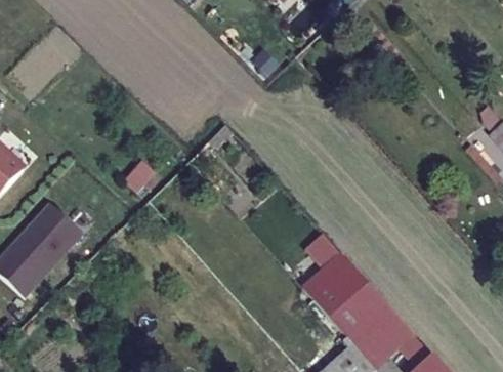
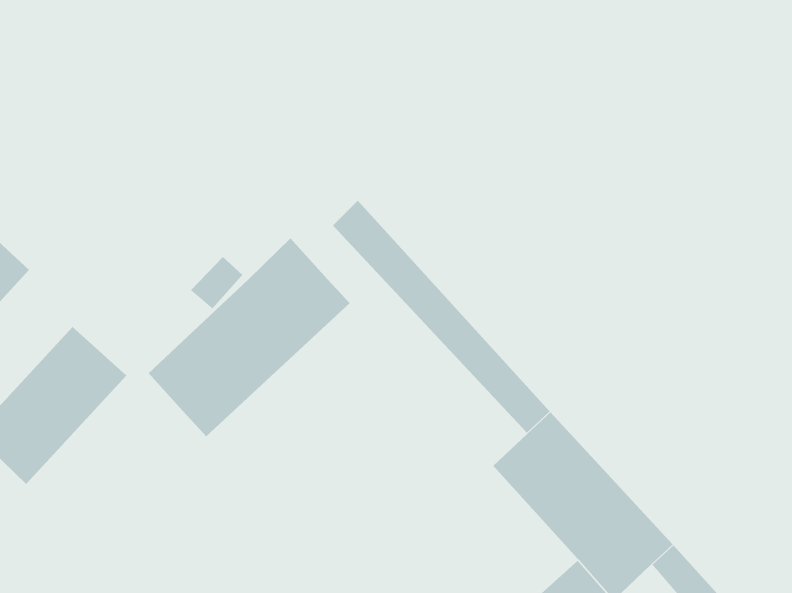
building: none -> [148,237,350,437]

